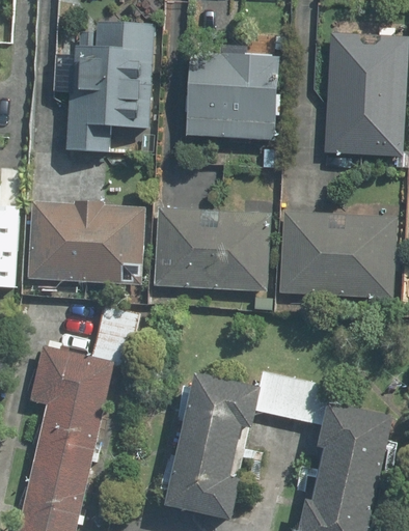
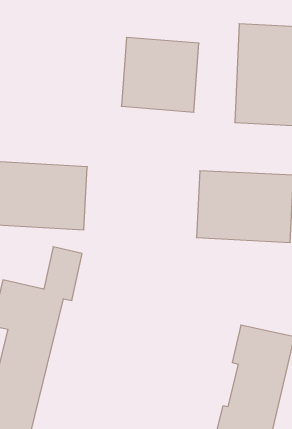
building: [66,21,155,150] -> none
building: [154,206,270,290] -> none
building: [168,369,333,518] -> none

